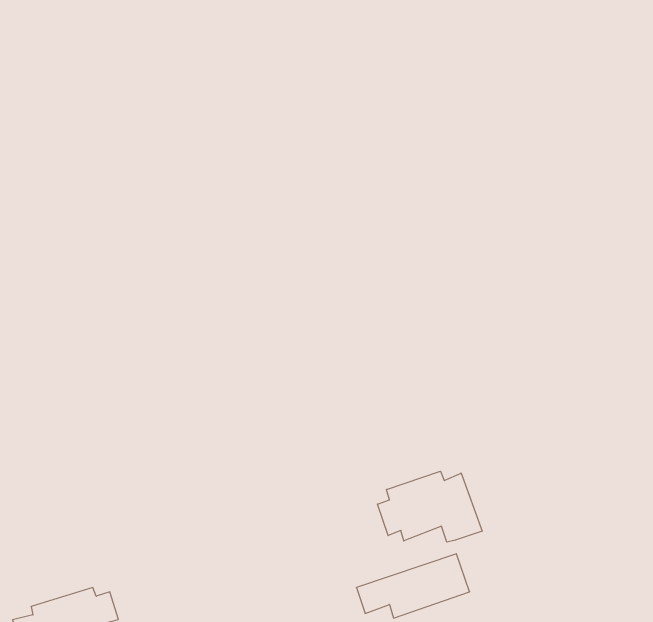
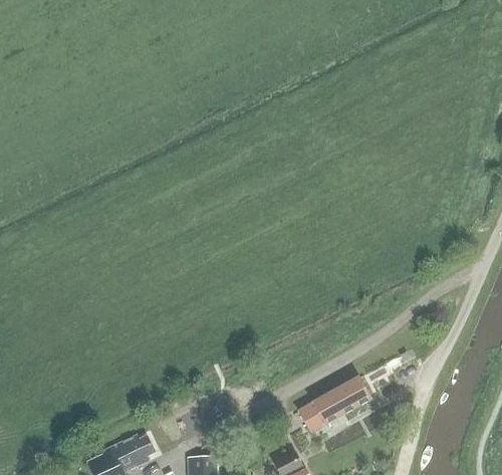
building: [377,471,482,542] -> none

